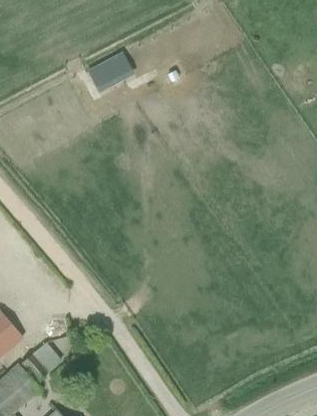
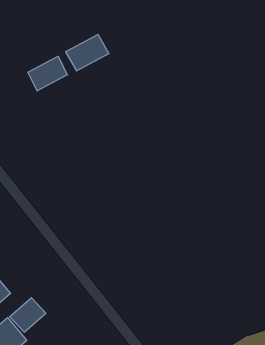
building: none -> [28,56,67,91]

